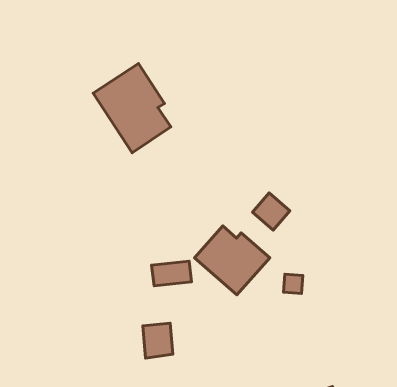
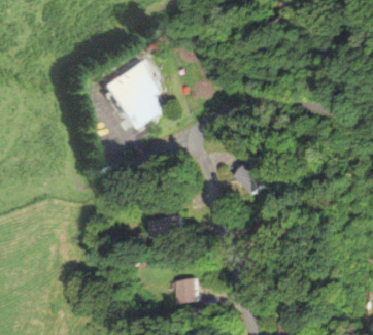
building: [194,226,270,295] -> none
building: [143,323,173,358] -> [174,277,198,305]

